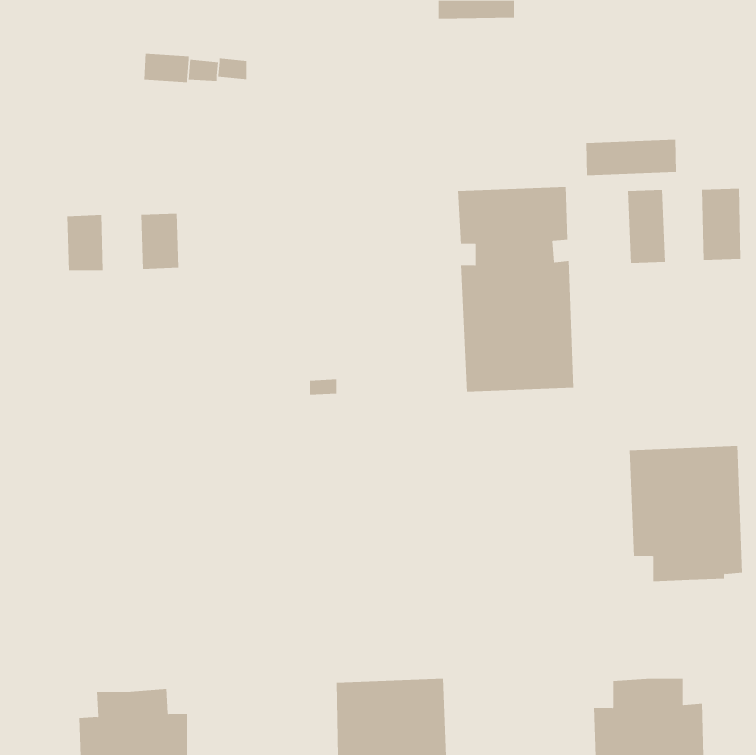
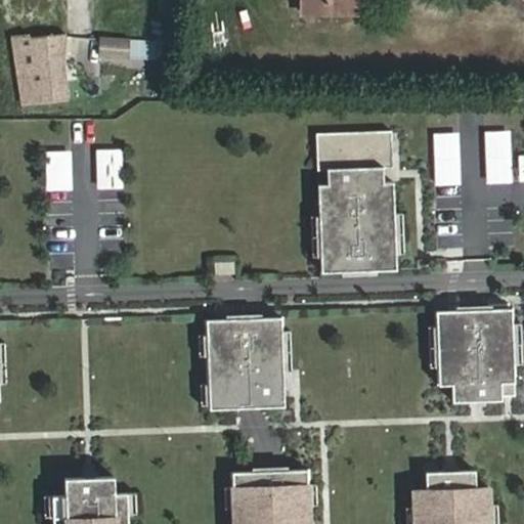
building: none -> [13,35,71,107]
building: [586,139,676,176] -> none
building: none -> [205,317,283,410]

